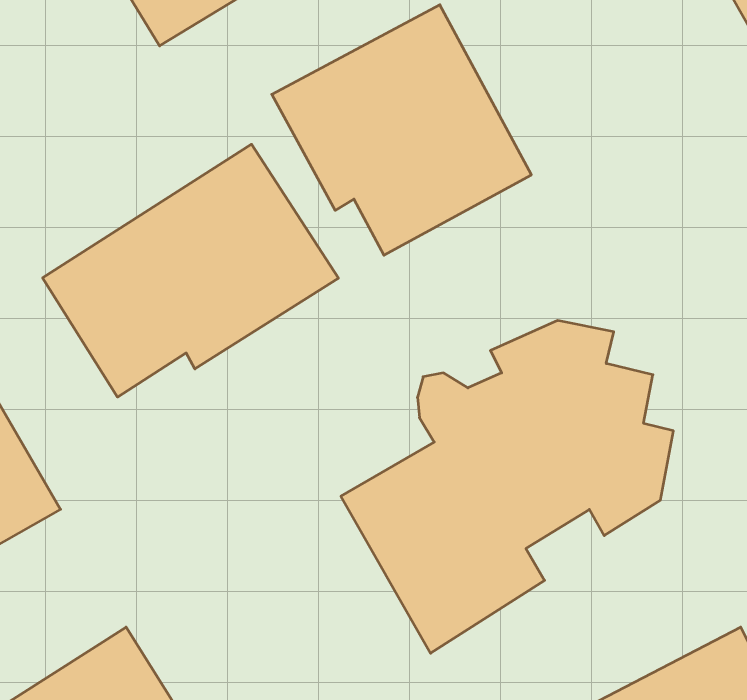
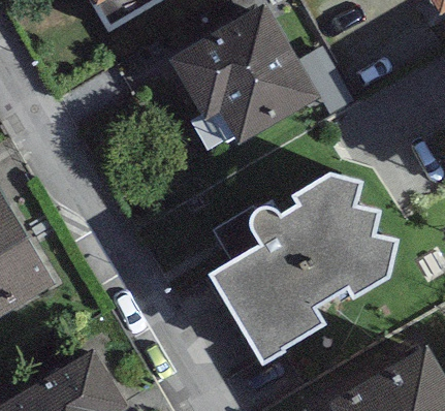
building: [43,144,338,397] -> none

